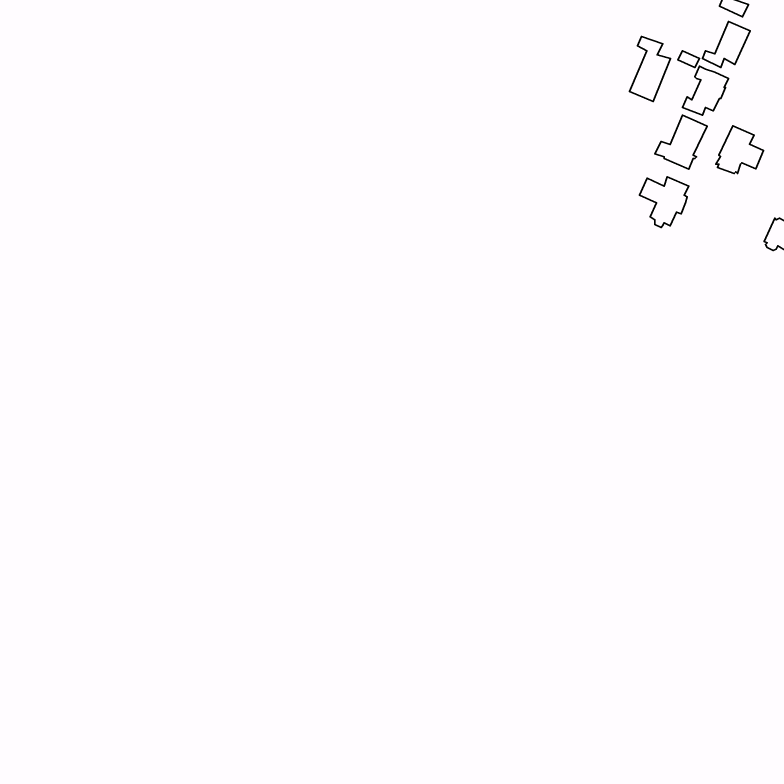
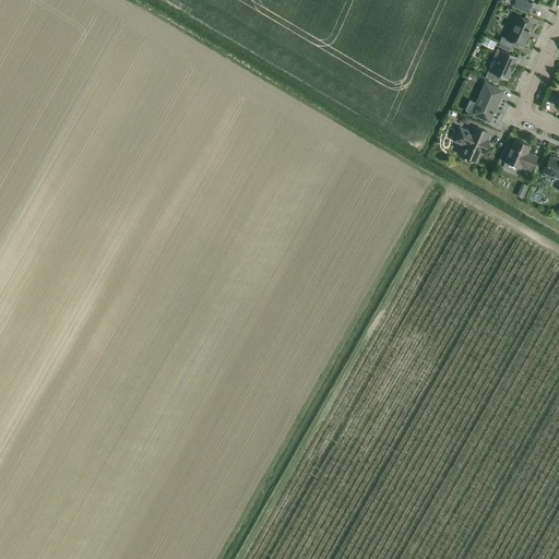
building: [630,36,670,102] -> none
building: [716,126,763,174] -> [503,139,537,173]

